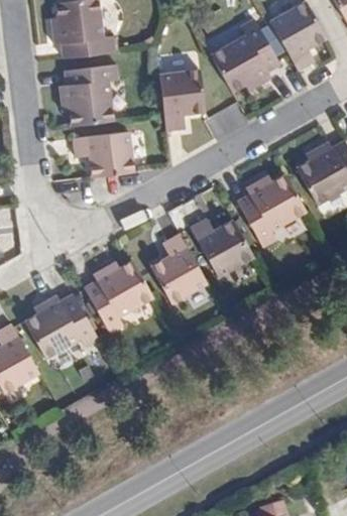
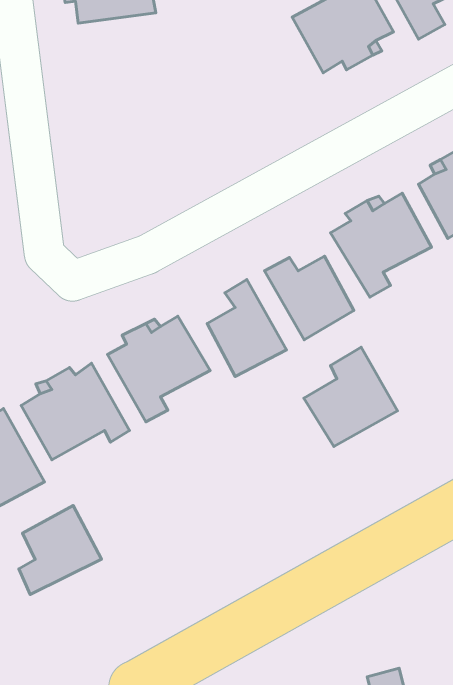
building: [60,63,120,125] -> none
building: [158,69,204,131] -> none
building: [74,130,134,176] -> none
building: none -> [304,347,398,447]
building: none -> [19,506,101,594]

